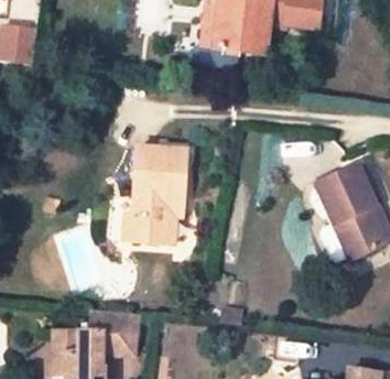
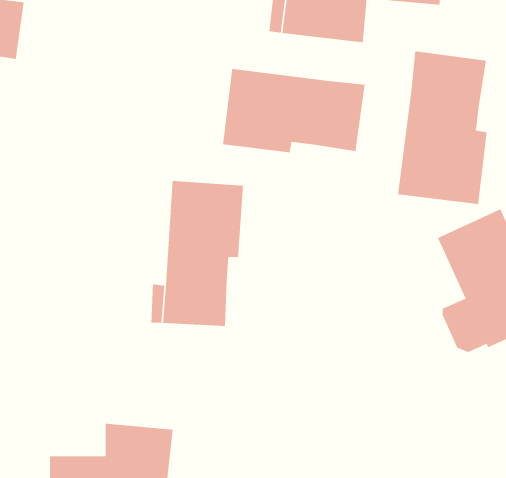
building: none -> [398,51,487,205]
building: none -> [223,68,365,153]

